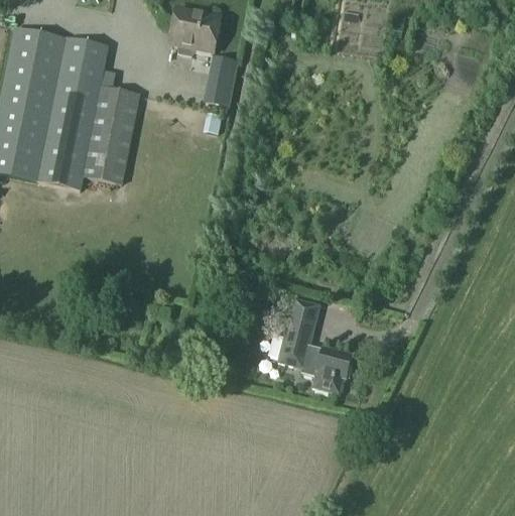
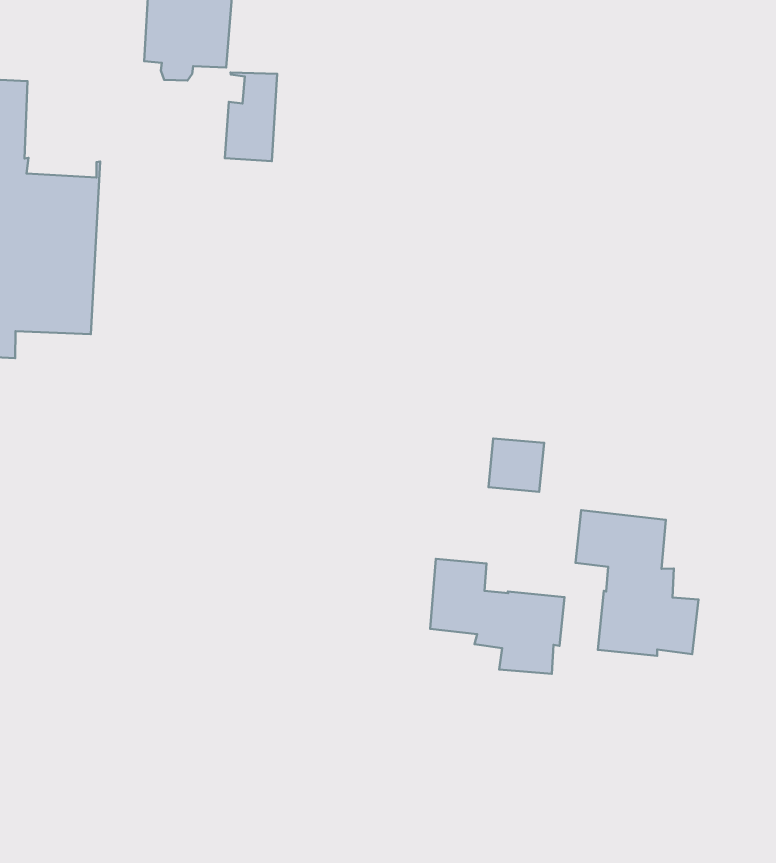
building: [286,298,318,330] -> [488,438,544,492]
building: none -> [575,510,699,656]

